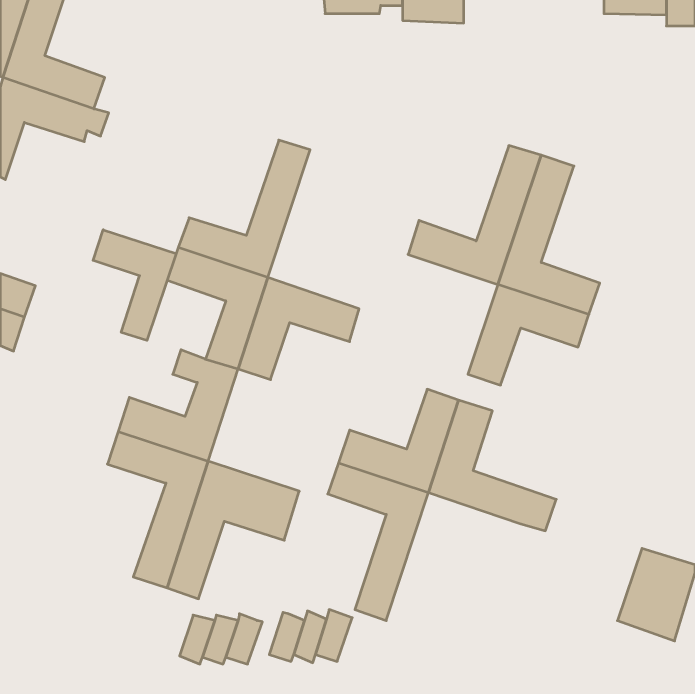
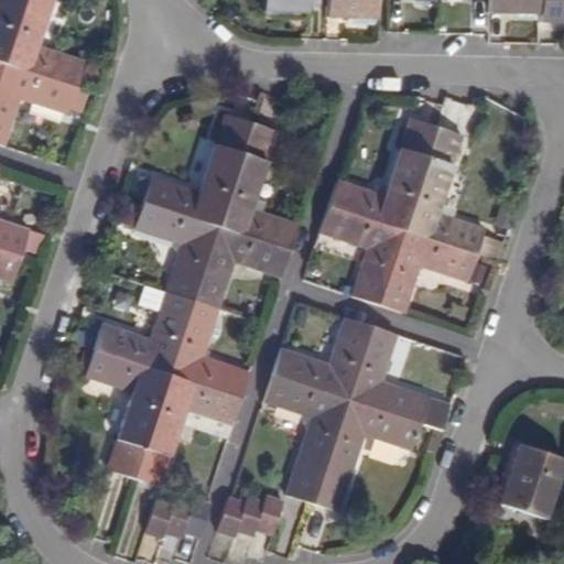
building: none -> [217,121,300,250]
building: [93,230,176,340] -> none
building: none -> [321,206,403,303]
building: none -> [169,299,251,398]
building: none -> [313,399,422,510]

